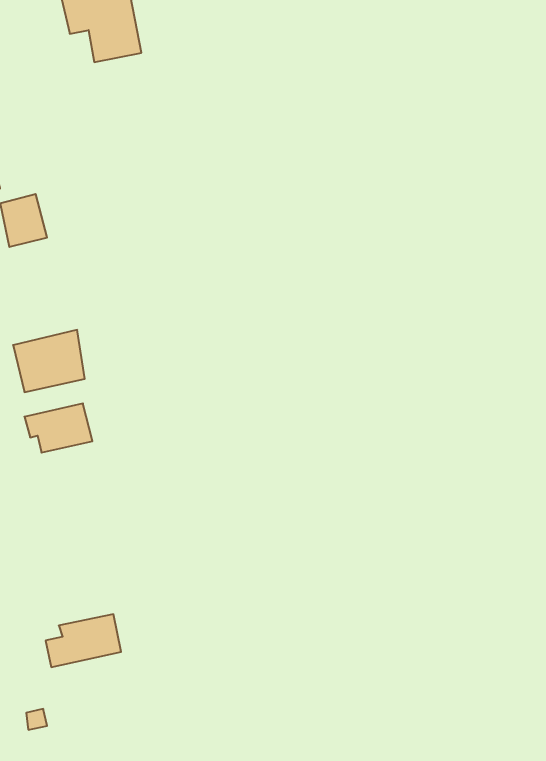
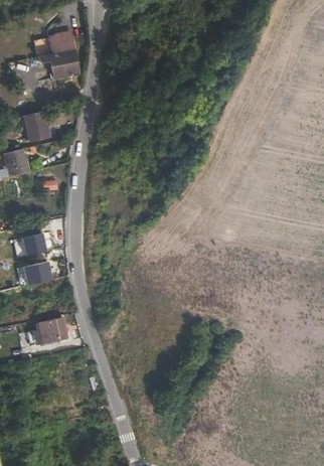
building: none -> [24,111,51,142]
building: [46,614,121,667] -> [28,318,68,346]

